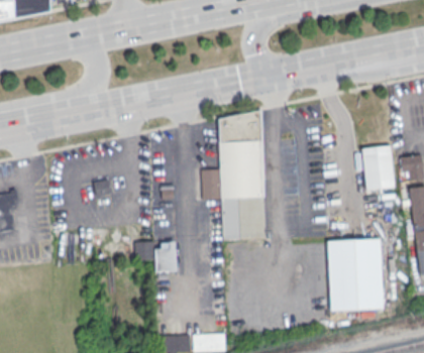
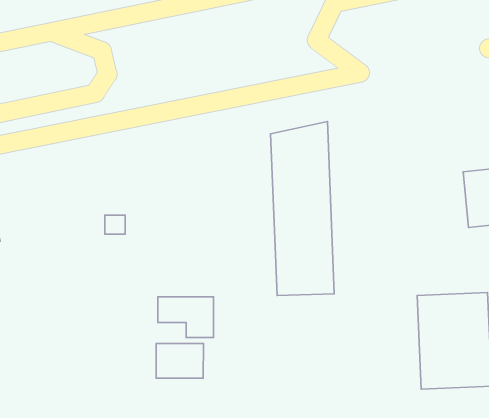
building: none -> [156,344,204,378]

